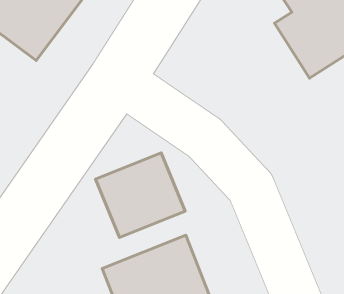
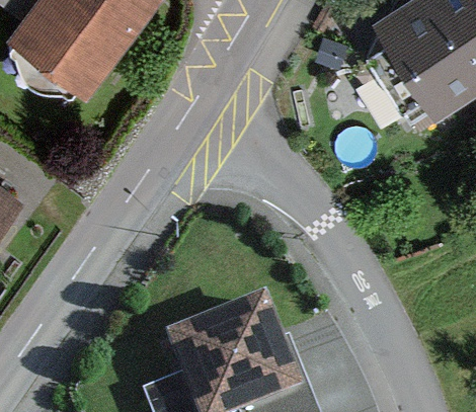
building: [96,153,185,237] -> none

